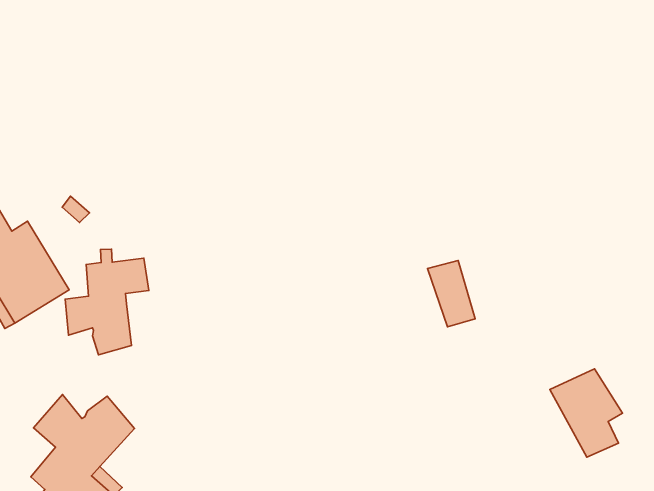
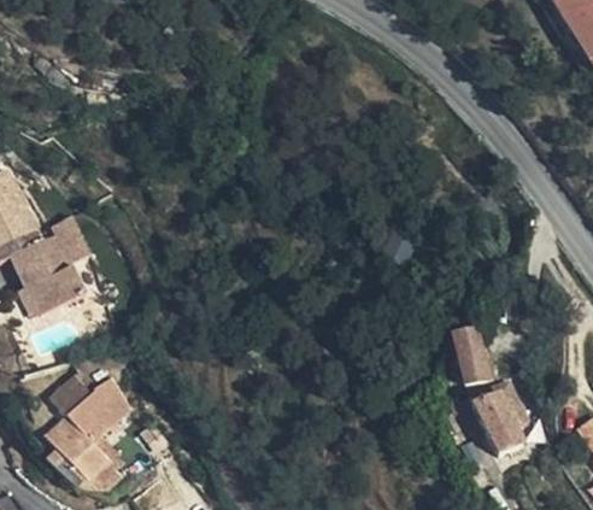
building: [65,249,149,355] -> none
building: [427,261,475,327] -> [452,330,488,383]

